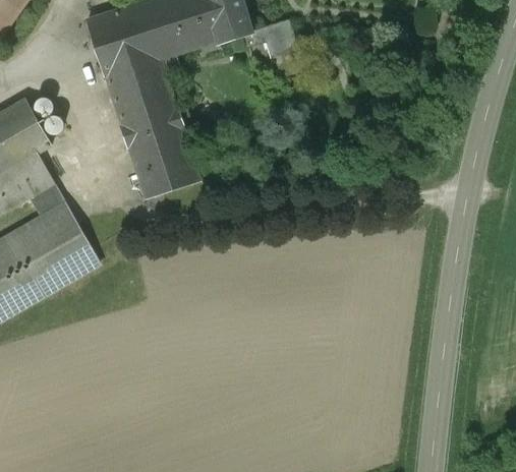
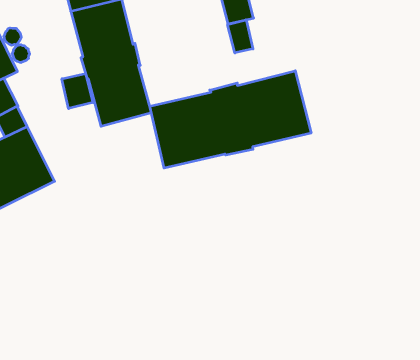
building: none -> [228,20,253,53]
building: none -> [150,71,311,168]
building: none -> [62,73,93,109]

